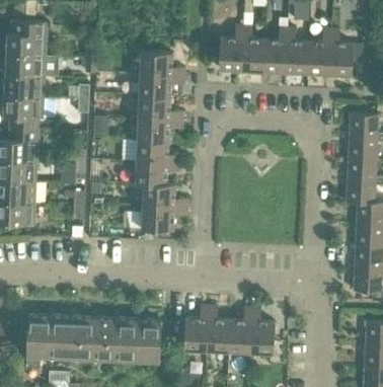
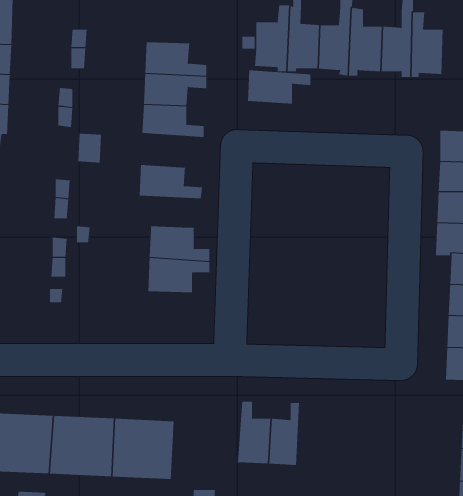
building: [137,117,182,141] -> [247,70,311,104]
building: [135,161,180,185] -> none
building: [184,306,209,351] -> none
building: [248,308,275,354] -> none

